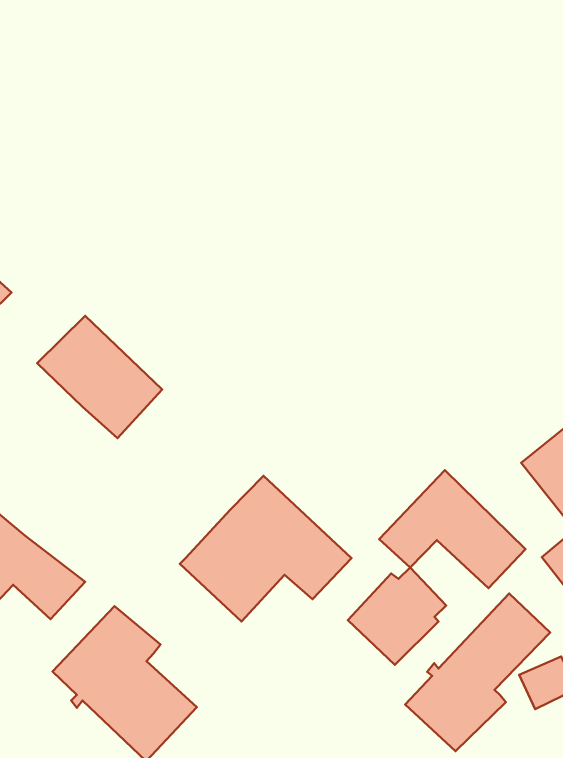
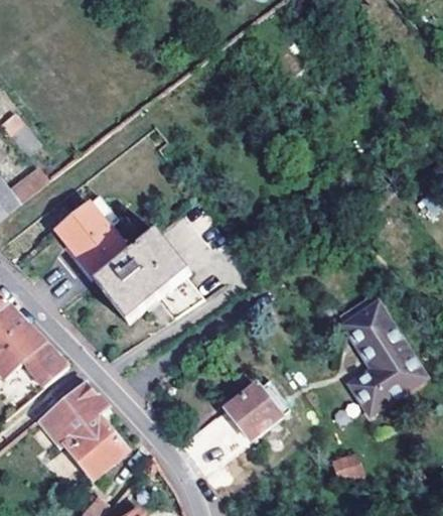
building: [379,470,525,588] -> none
building: [180,476,351,622] -> [95,234,200,321]
building: [405,593,550,751] -> none

